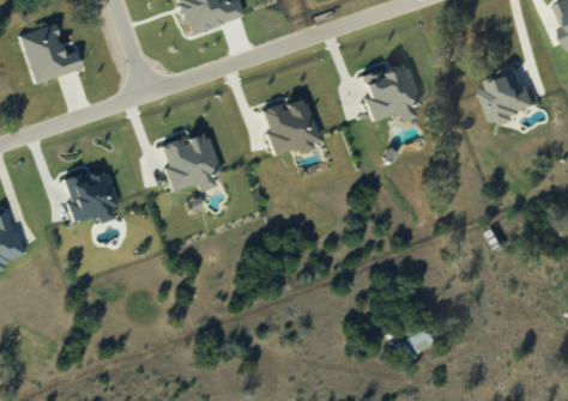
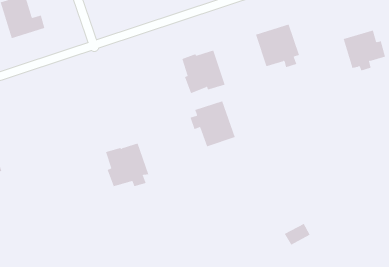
building: [162,132,220,190] -> [105,143,149,187]
building: none -> [190,100,235,147]
building: [62,168,119,223] -> none

